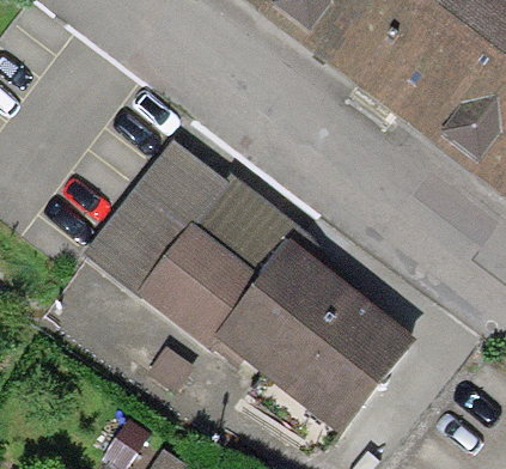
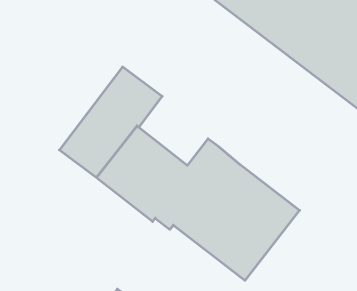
building: [195,171,316,273] -> none

